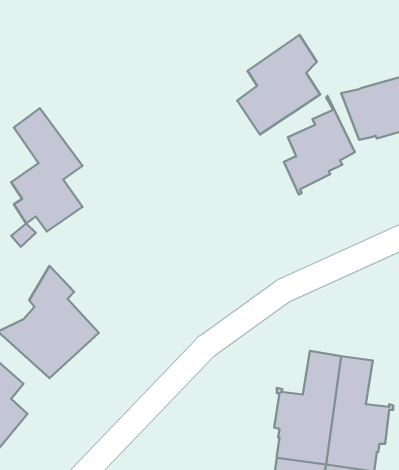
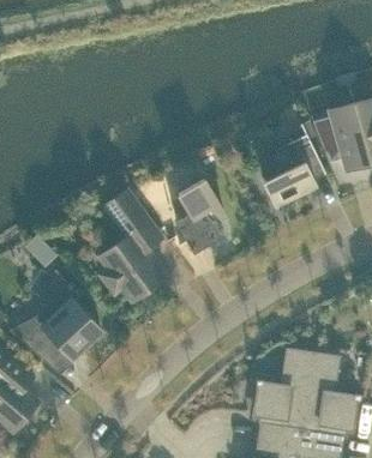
building: [237,35,320,135] -> none
building: [11,108,82,232] -> [101,191,163,299]
building: none -> [176,179,226,251]

